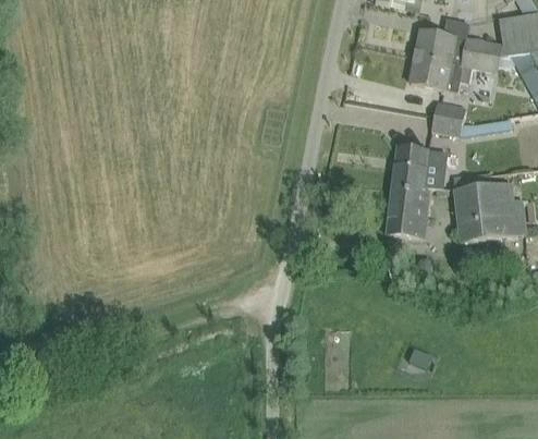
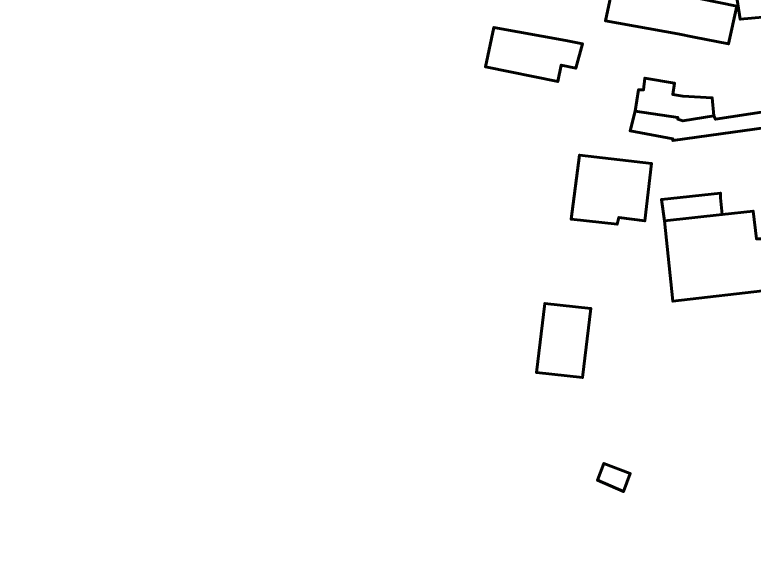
building: [409,57,474,93] -> [486,27,582,81]
building: [387,188,423,237] -> [537,304,591,377]

